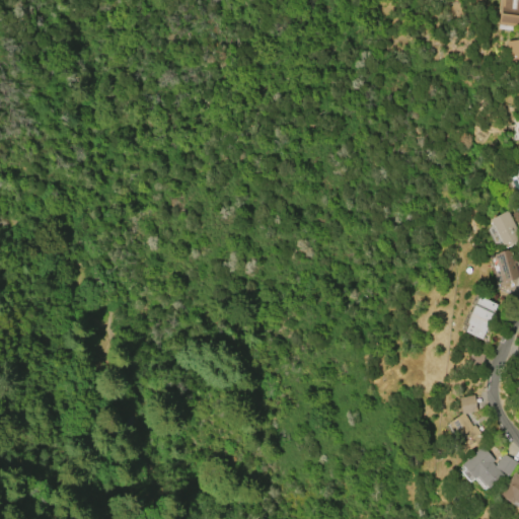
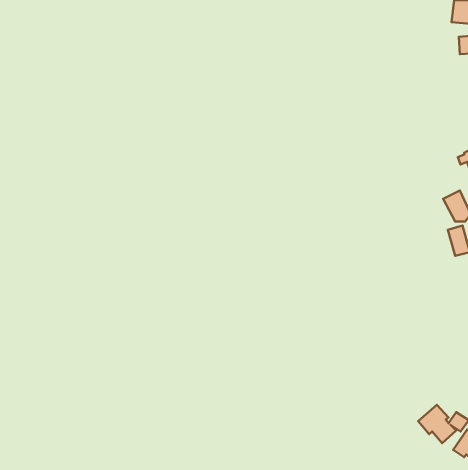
building: [465,295,499,340] -> none
building: [449,395,487,454] -> none

